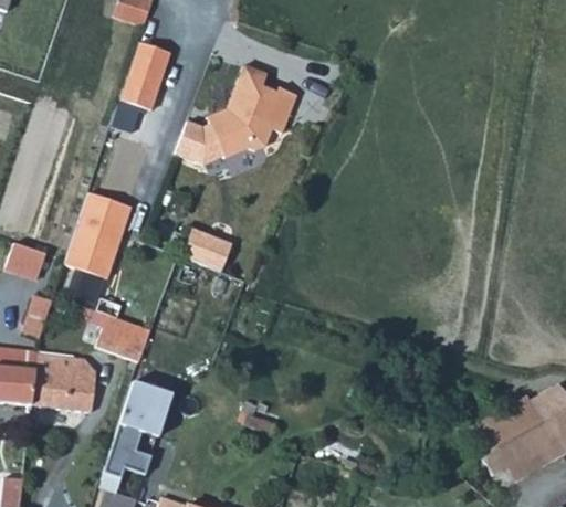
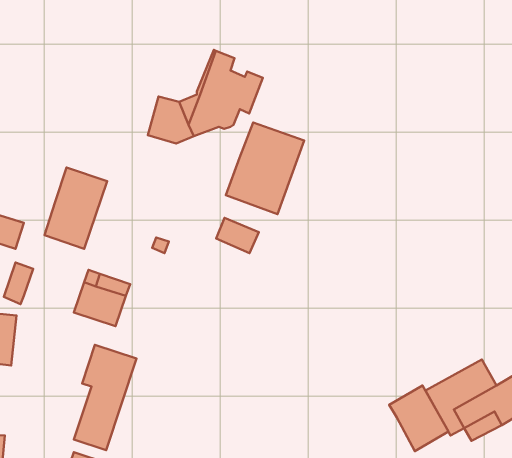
building: [119,44,170,113] -> none
building: none -> [226,122,304,214]
building: [184,233,229,271] -> [216,218,259,253]
building: [30,349,93,409] -> none
building: none -> [389,385,448,451]

